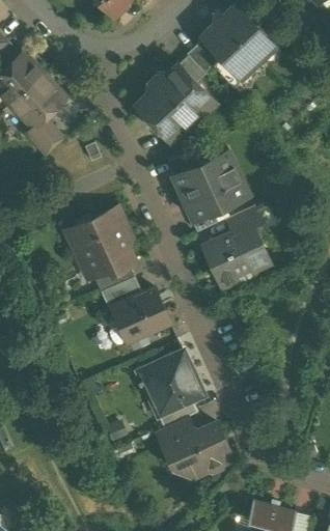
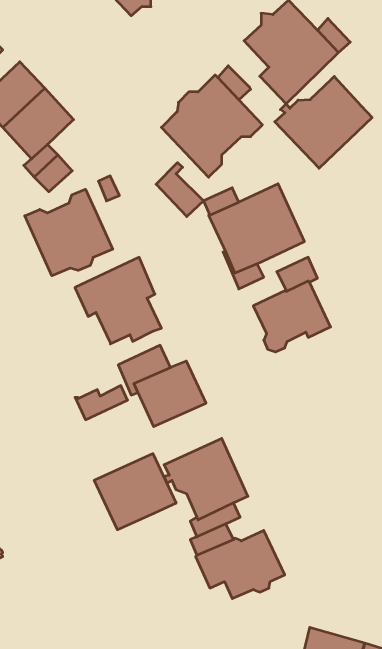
building: [187,38,220,72] -> none
building: none -> [275,76,372,168]
building: none -> [156,163,203,217]
building: none -> [25,189,113,276]
building: [92,264,134,291] -> [75,386,128,420]
building: none -> [94,454,176,530]

